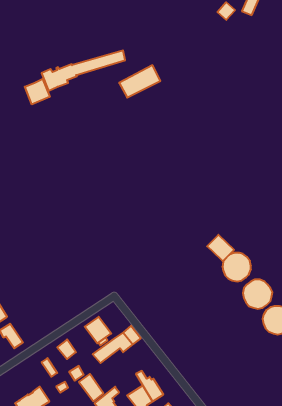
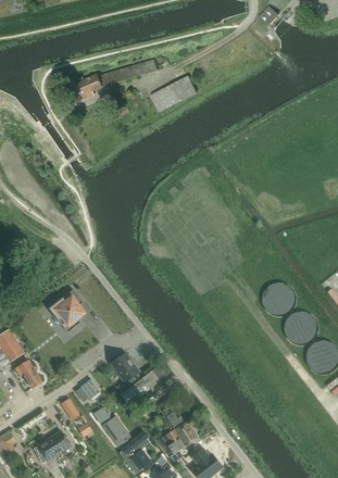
building: [25,79,50,104] -> none
building: [207,235,234,261] -> none
building: none -> [49,289,85,332]

